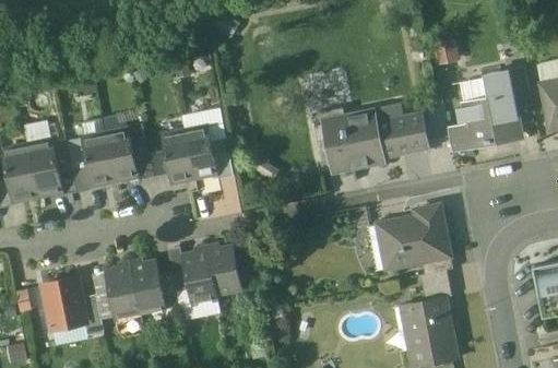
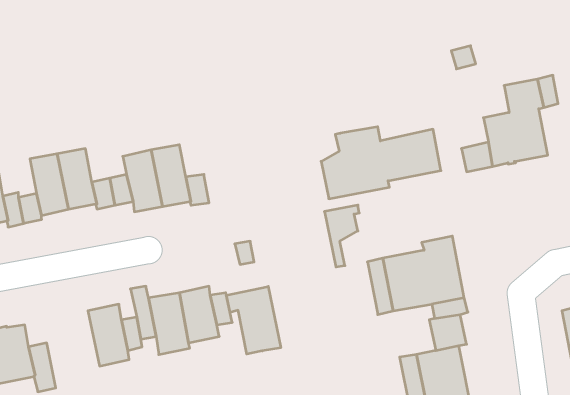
building: [316,108,345,161] -> [324,205,359,267]
building: none -> [226,286,281,354]
building: [105,265,141,317] -> none

